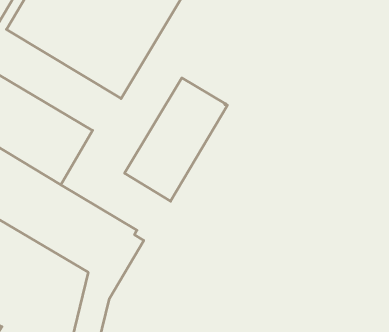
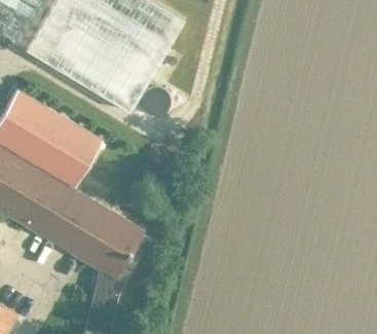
building: [125,78,227,201] -> none

